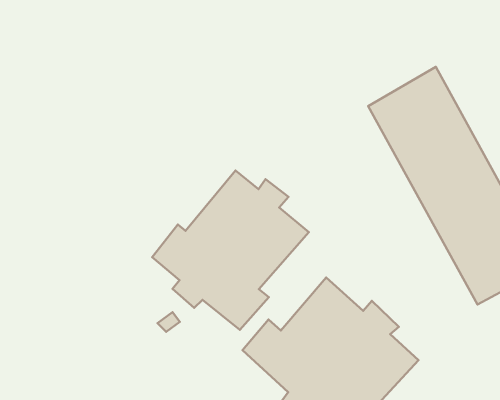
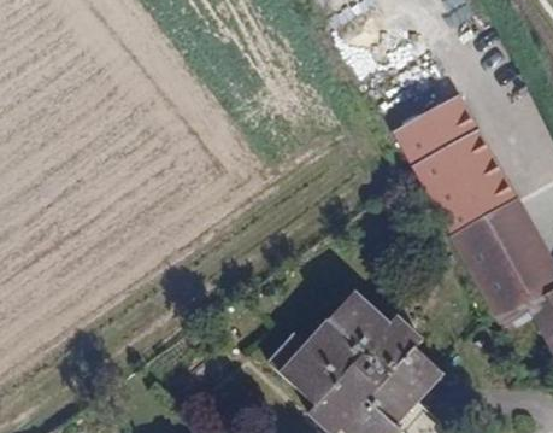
building: [152,171,309,330] -> none

